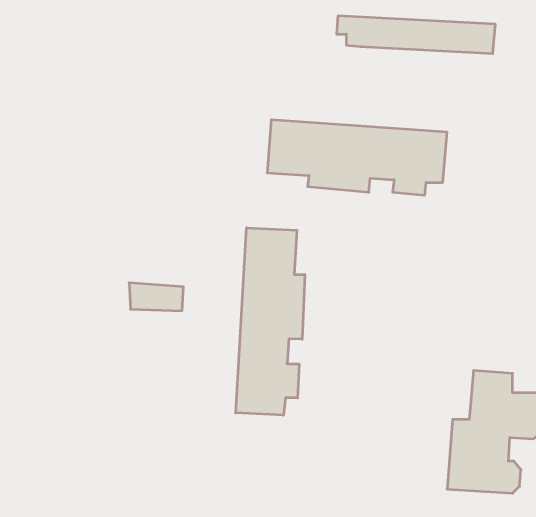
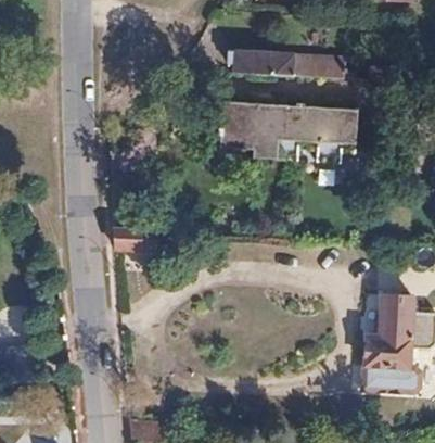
building: [337,16,495,54] -> [222,49,346,78]
building: [236,228,305,415] -> none

